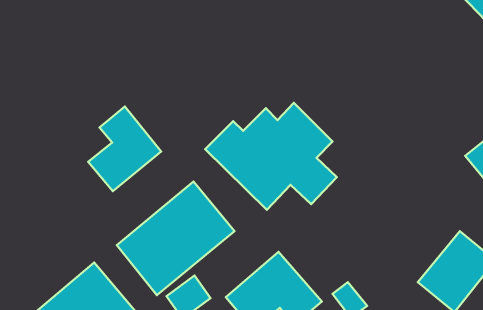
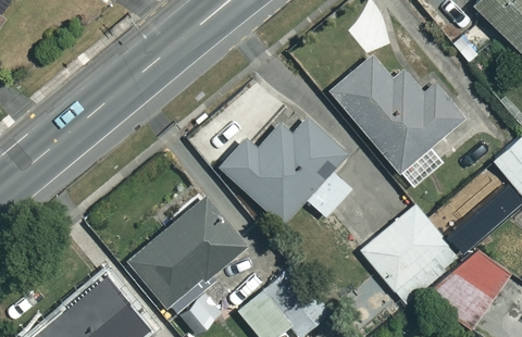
building: none -> [327,55,464,188]
building: [88,106,161,191] -> none
building: none -> [360,204,459,303]

